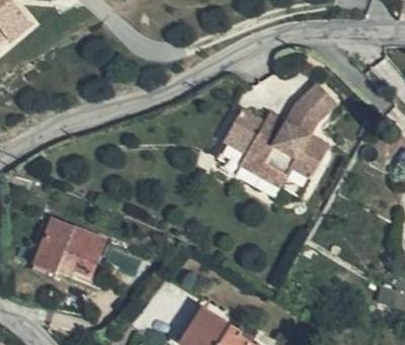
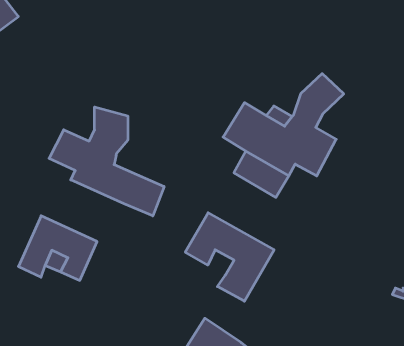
building: none -> [49,107,164,216]
building: none -> [185,213,274,301]

